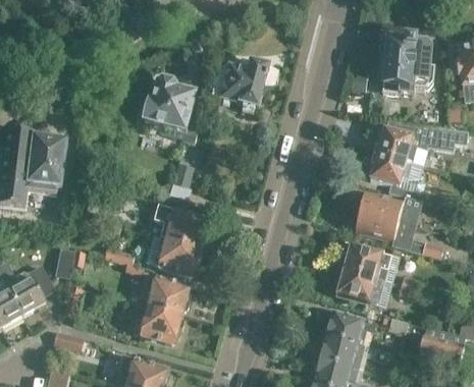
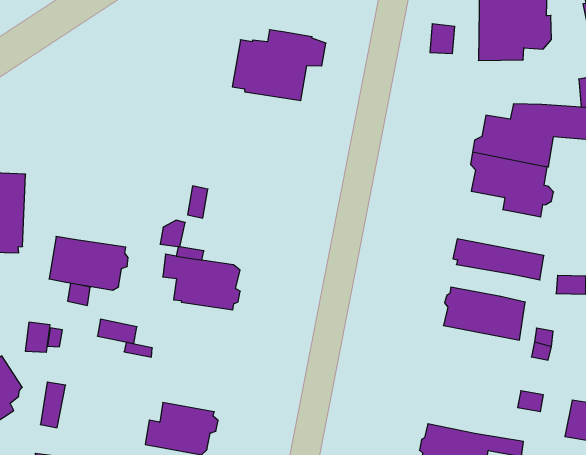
building: [141,79,196,134] -> none
building: [357,196,421,227] -> none
building: [146,235,201,275] -> [49,236,128,290]
building: [335,269,393,308] -> none
building: [144,273,189,315] -> none
building: [325,310,376,347] -> none

